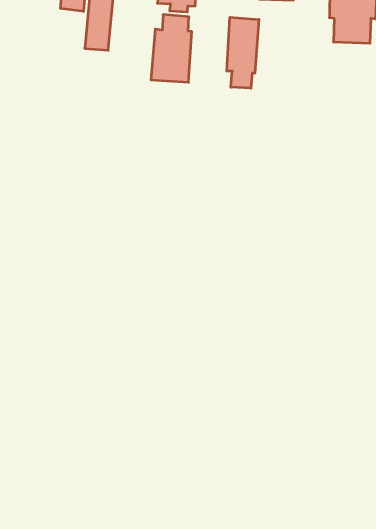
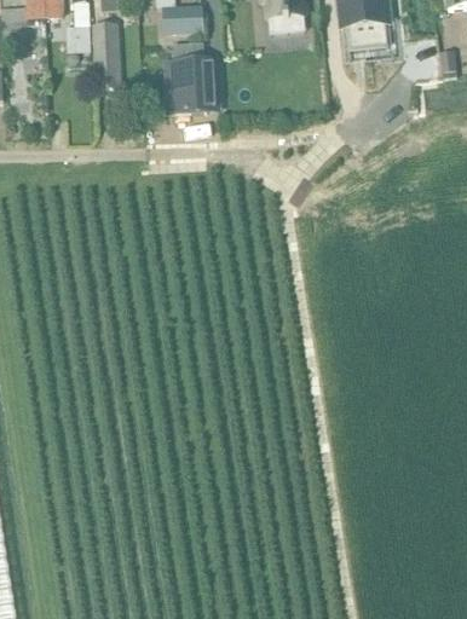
building: [227,17,259,88] -> none

